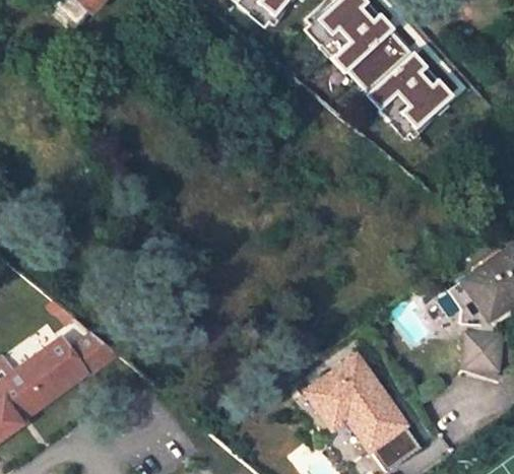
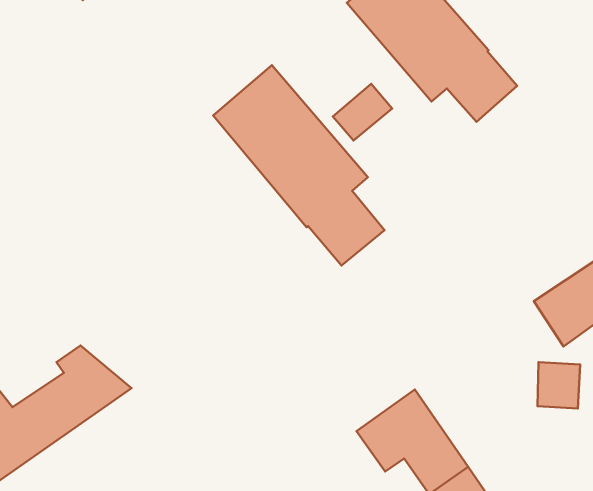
building: none -> [213,65,384,266]
building: none -> [333,84,392,140]

